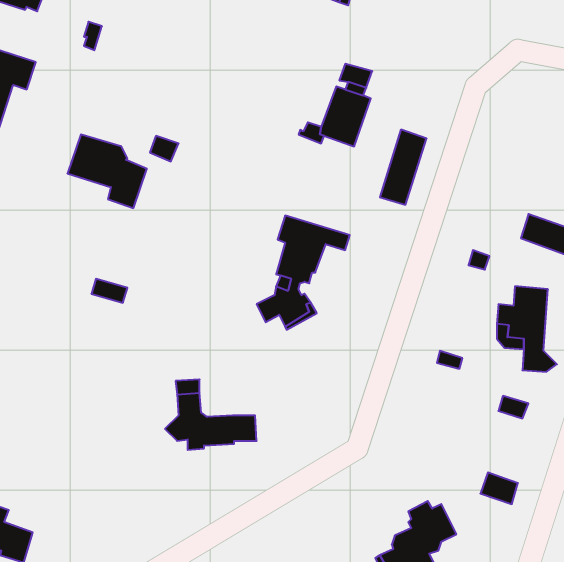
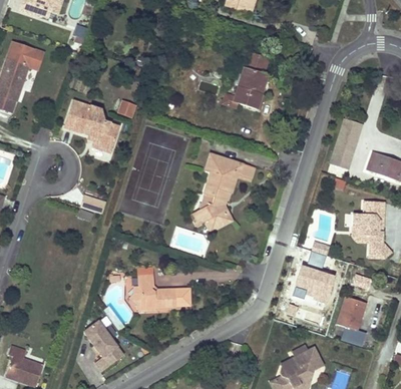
building: [380,130,427,205] -> [330,119,361,169]
building: none -> [294,267,334,303]
building: none -> [337,297,365,330]
building: none -> [84,319,119,369]

